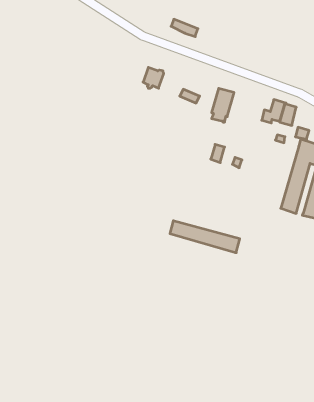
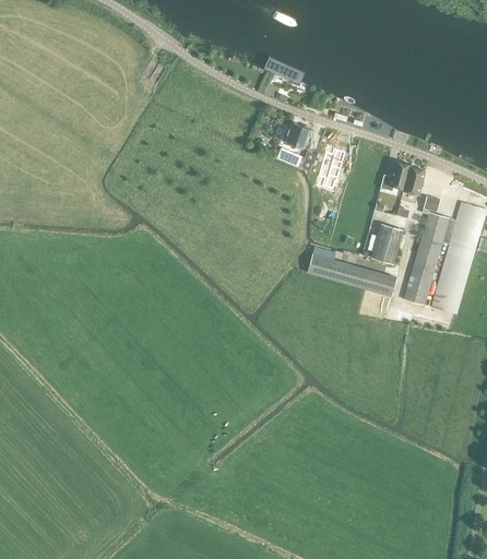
building: [143,67,164,88] -> [284,121,310,147]
building: none -> [369,223,402,263]
building: [170,221,240,253] -> [307,254,395,295]

